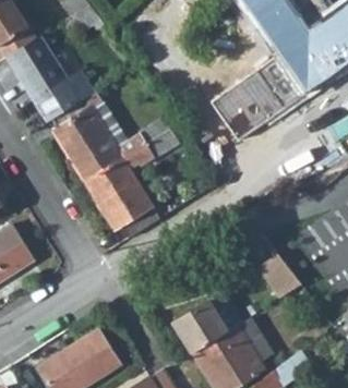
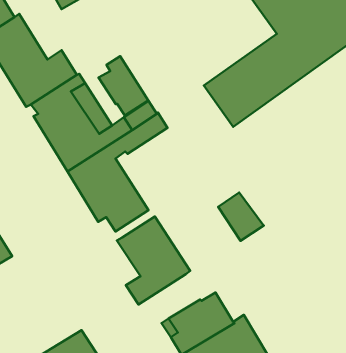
building: none -> [99,56,149,116]
building: none -> [117,216,190,304]
building: [256,253,299,298] -> [218,193,264,241]

